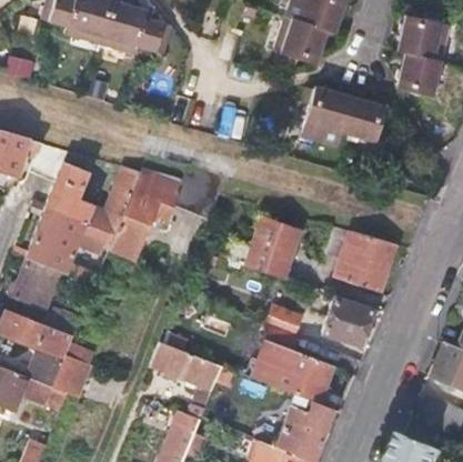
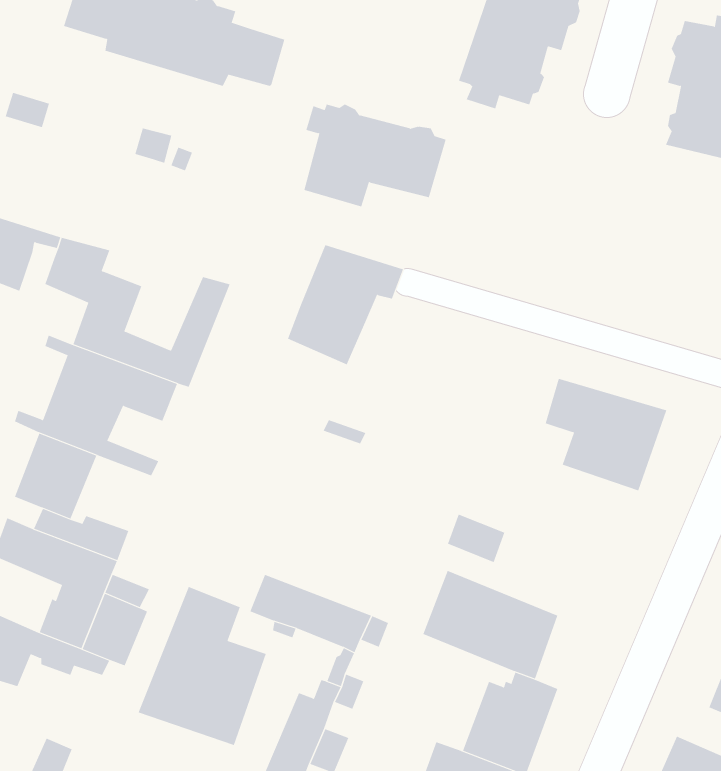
building: [302,96,386,157] -> [304,104,447,207]
building: [108,170,180,258] -> none
building: [228,218,298,278] -> none
building: [321,298,371,345] -> none
building: none -> [138,586,267,746]

